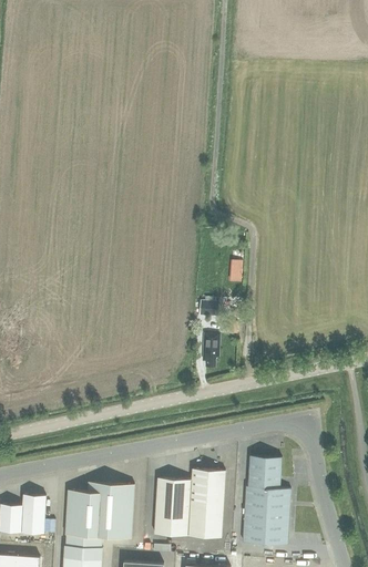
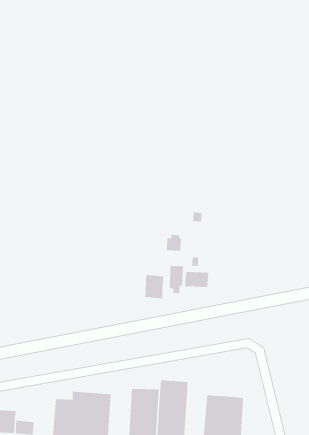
building: none -> [184,271,209,288]
building: none -> [145,274,164,299]
building: [247,455,282,488] -> none
building: [21,494,45,518] -> none

